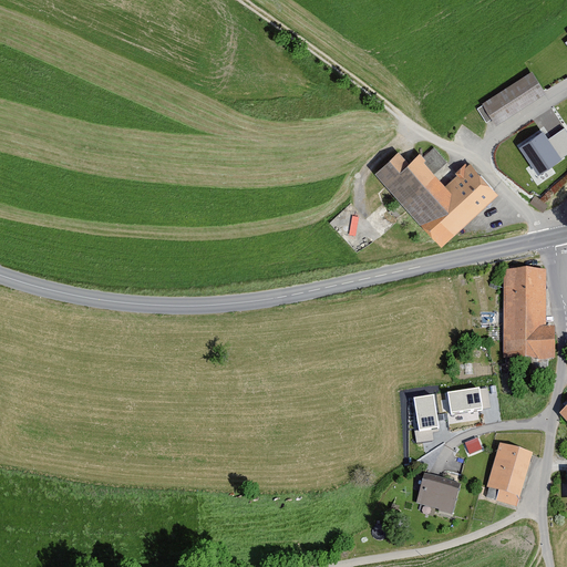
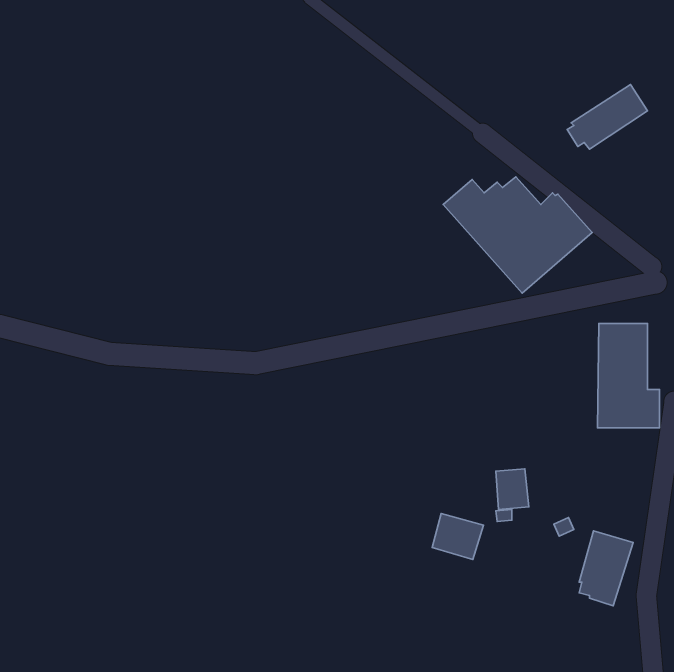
building: [519,130,561,173] -> none
building: [449,385,492,411] -> none
building: [416,474,460,513] -> [432,513,483,560]

